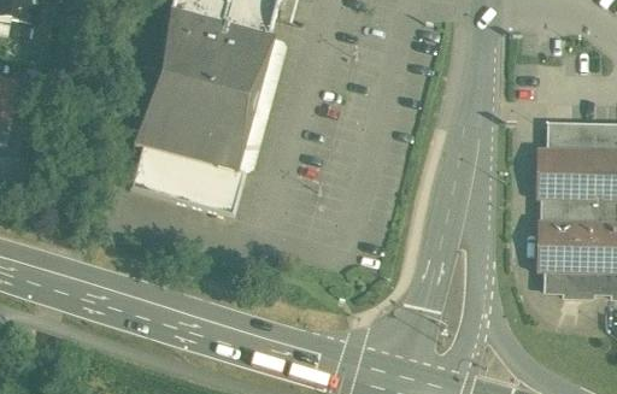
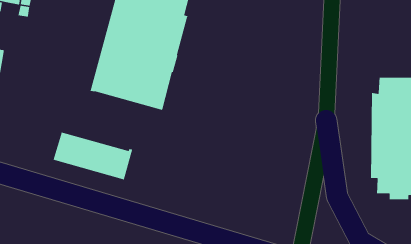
building: [134,145,248,214] -> [53,131,133,181]

